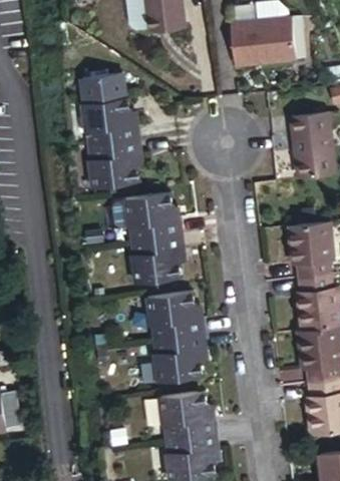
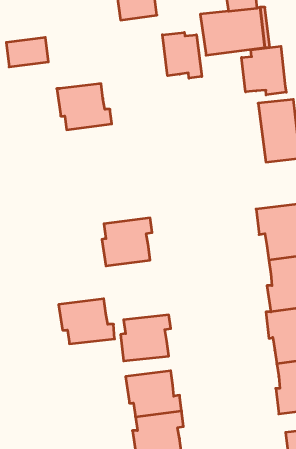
building: none -> [162,32,202,78]
building: none -> [242,46,286,95]
building: [84,71,127,101] -> [6,37,48,67]
building: [92,137,142,186] -> none
building: [123,193,180,239] -> none
building: [141,292,199,338] -> [59,299,115,344]

